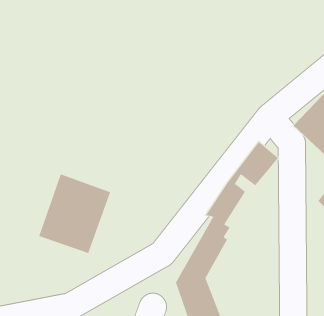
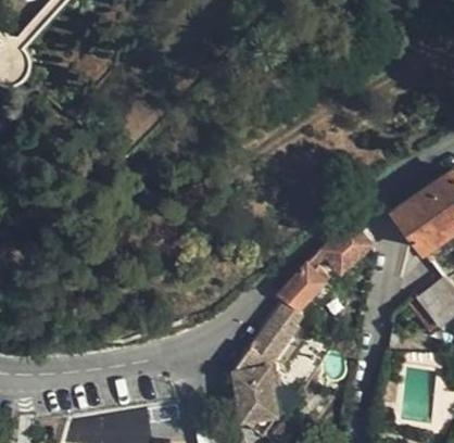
building: [38,174,111,254] -> none

